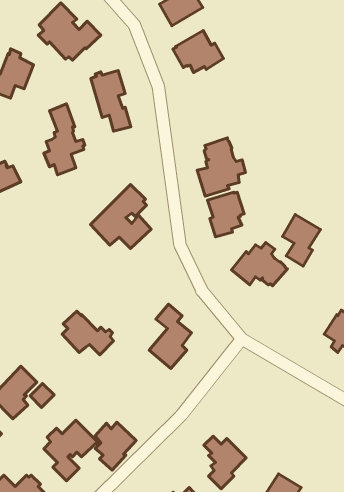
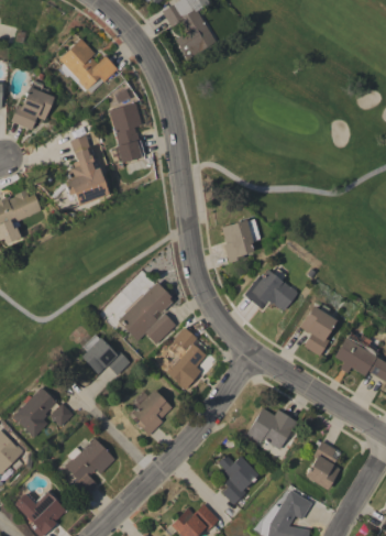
building: [173,30,224,73] -> none
building: [197,138,245,196] -> none
building: [90,184,151,249] -> [118,282,176,343]
building: [283,215,320,266] -> [300,306,337,355]
building: none -> [246,407,298,449]
building: [95,422,136,470] -> [132,389,172,435]
building: none -> [305,440,340,490]

